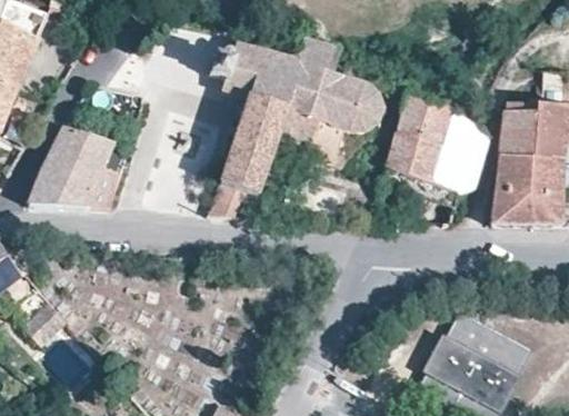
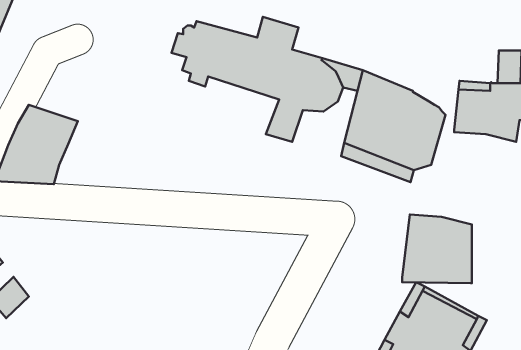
building: [209,97,320,215] -> none
building: [491,153,562,224] -> [402,215,472,283]

